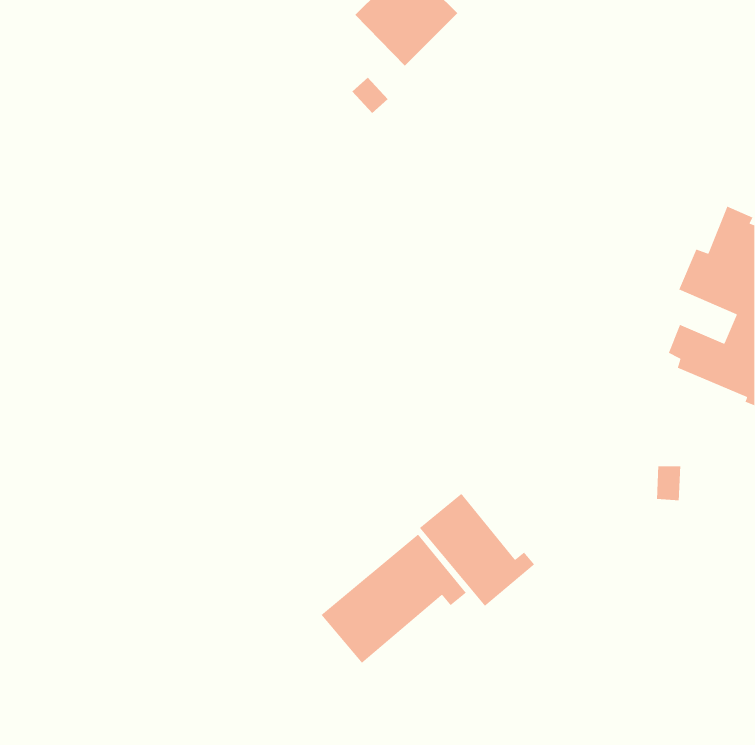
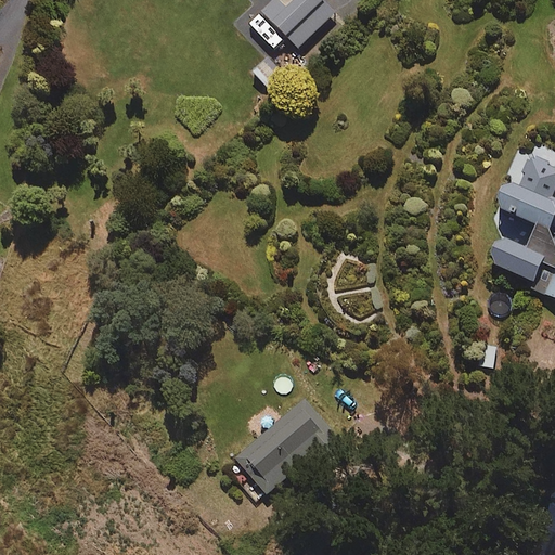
building: [419,493,535,607] -> none

